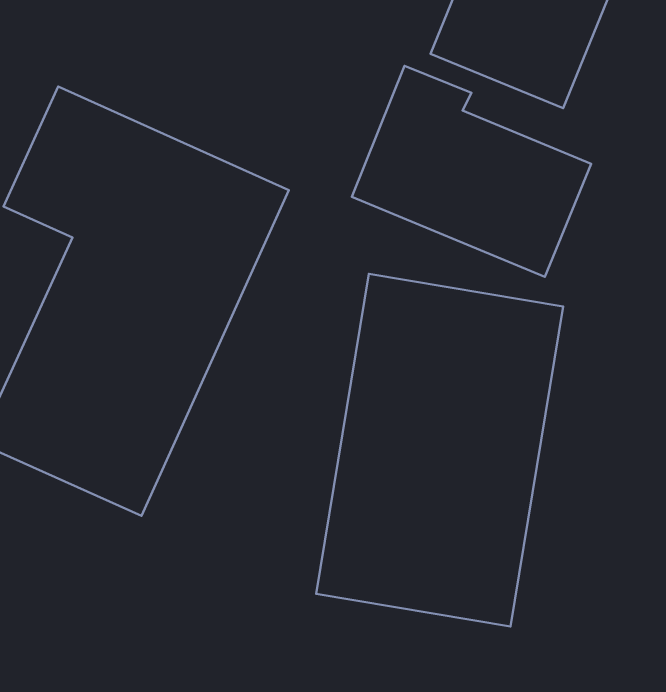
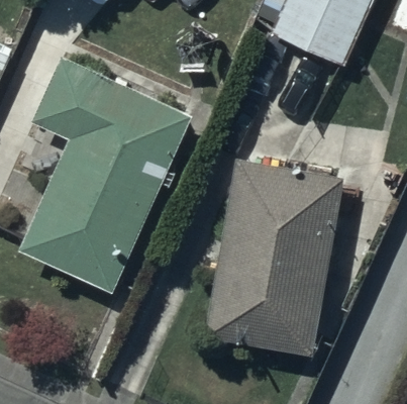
building: [352,66,591,277] -> none

